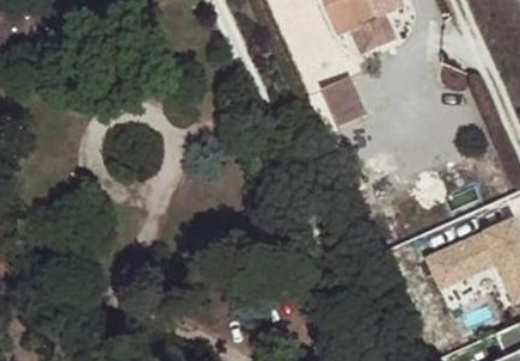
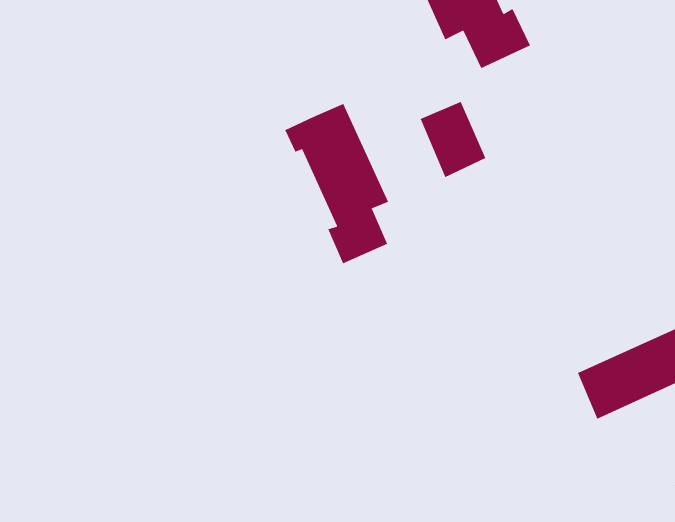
building: none -> [284,103,389,264]

